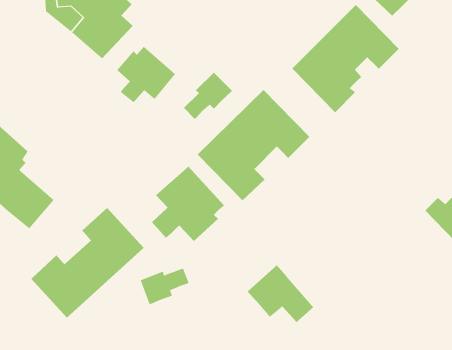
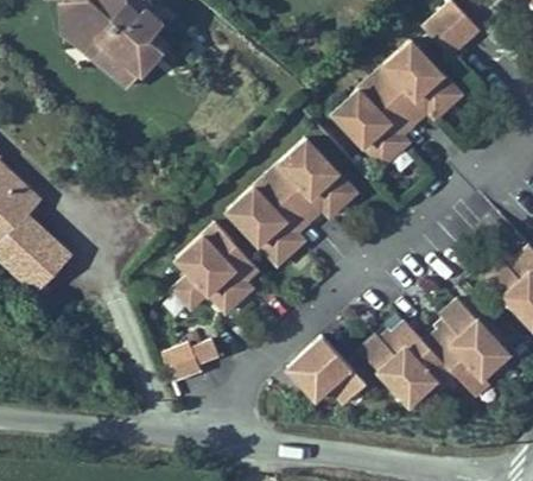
building: [116,46,176,103] -> none
building: [183,72,233,120] -> none
building: [31,207,144,318] -> none
building: none -> [358,299,506,409]

